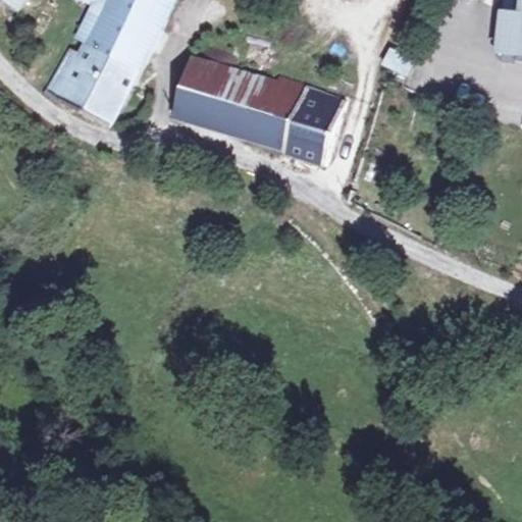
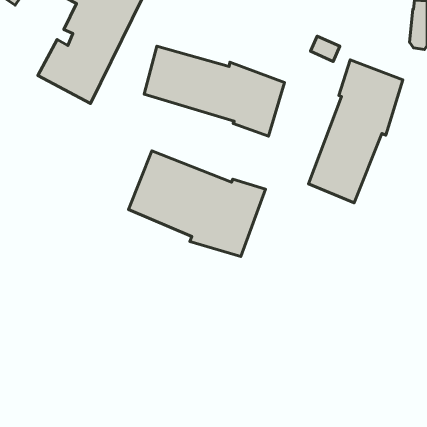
building: none -> [308,60,403,203]
building: none -> [129,151,265,256]

